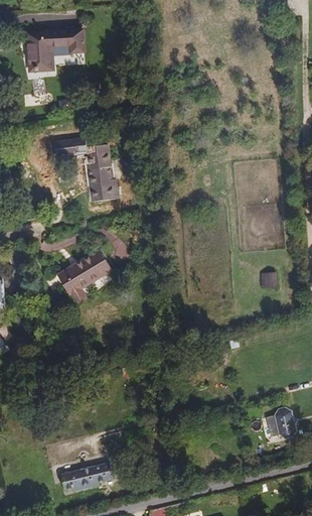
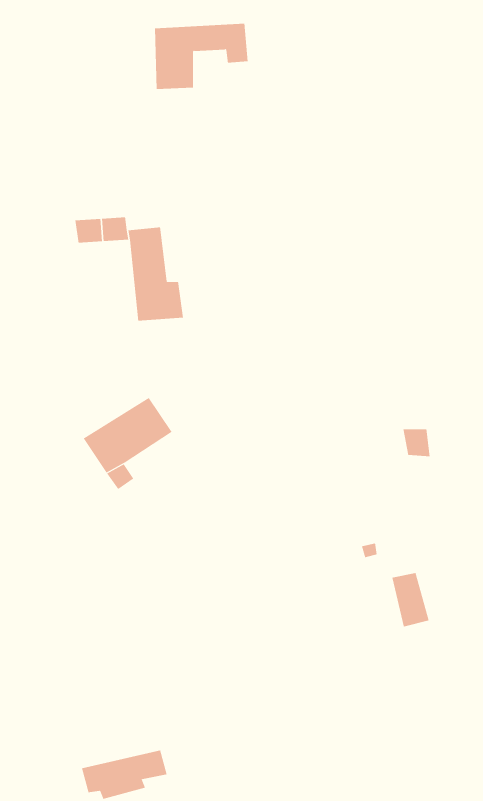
building: [31,26,89,67] -> [154,23,249,90]
building: [269,406,292,439] -> [391,572,430,627]

